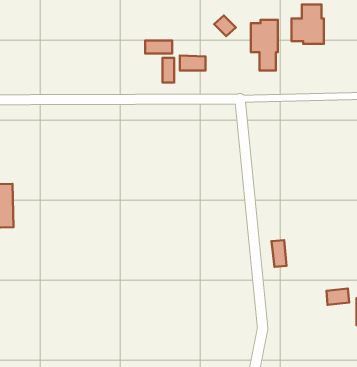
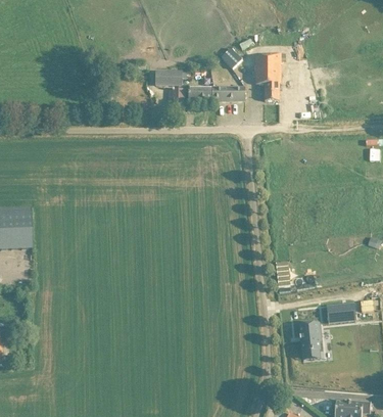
building: [292,4,324,44] -> none
building: none -> [213,85,245,99]
building: none -> [299,321,322,351]

